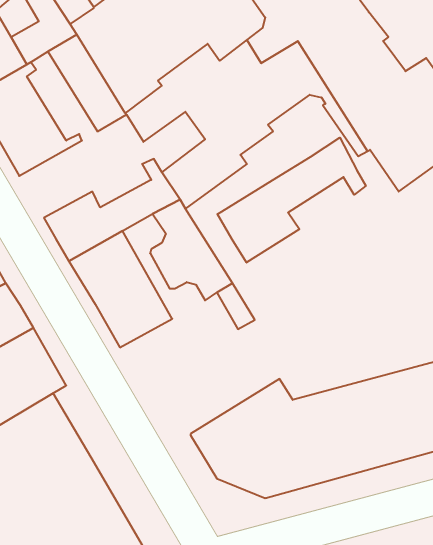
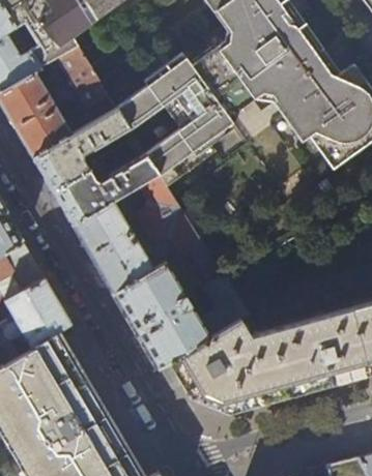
building: none -> [32,110,139,191]
building: [217,138,366,263] -> none
building: none -> [112,264,246,368]

